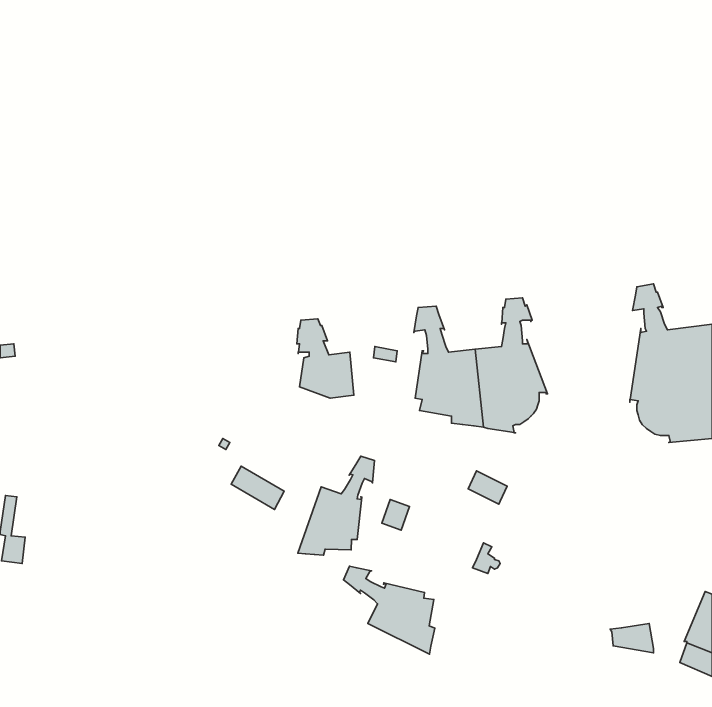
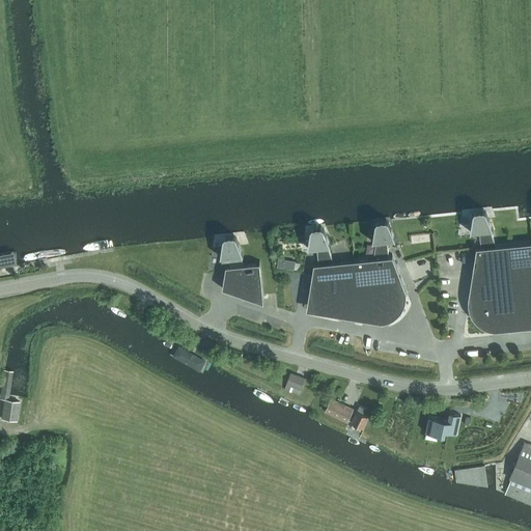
building: [298,456,375,555] -> none
building: [468,471,507,504] -> [325,400,354,425]
building: none -> [426,416,462,439]
building: [343,566,435,654] -> none

